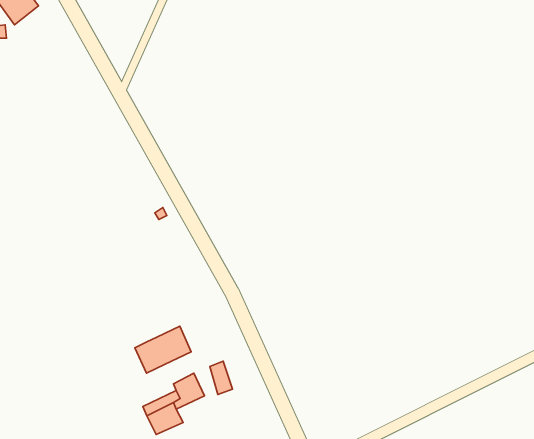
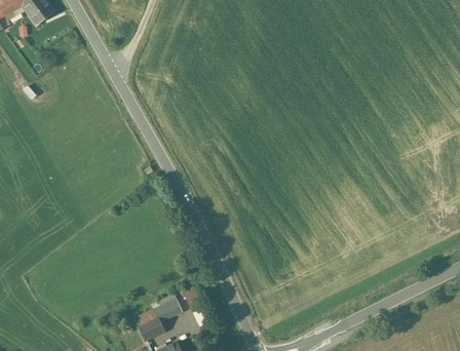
building: [135,326,191,373] -> none

